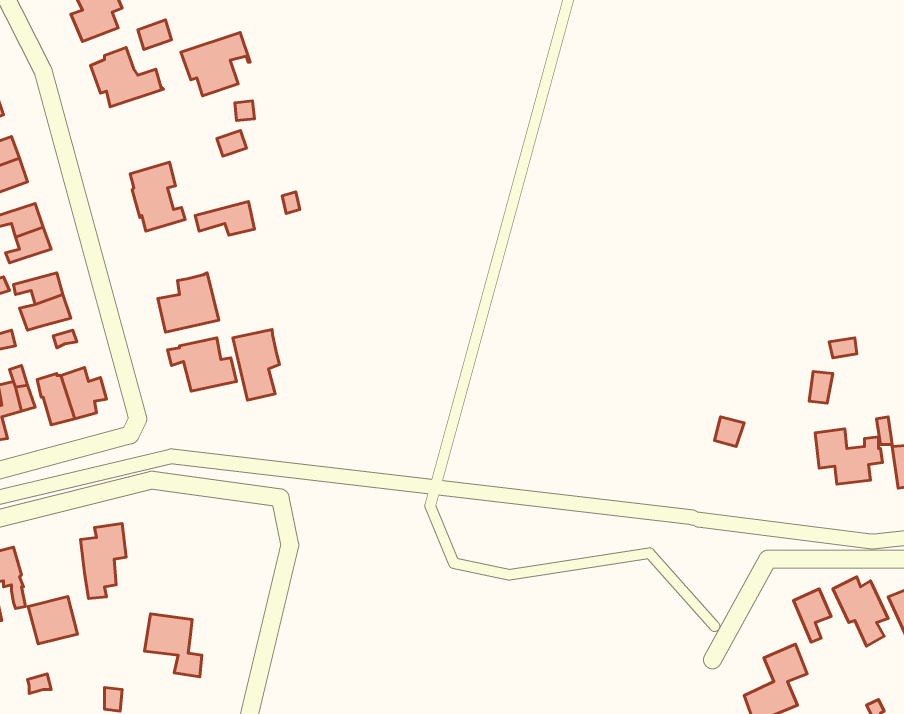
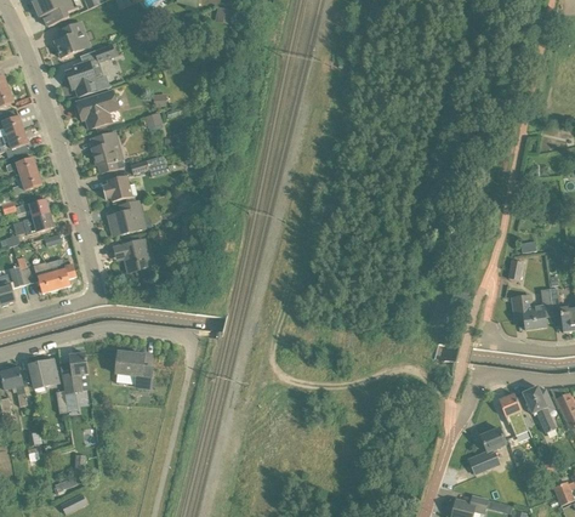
building: [181,32,250,96] -> [75,89,118,127]
building: none -> [101,174,131,200]
building: [233,329,279,400] -> none
building: [28,597,78,644] -> [28,358,58,387]
building: [145,614,202,677] -> [114,350,149,388]

